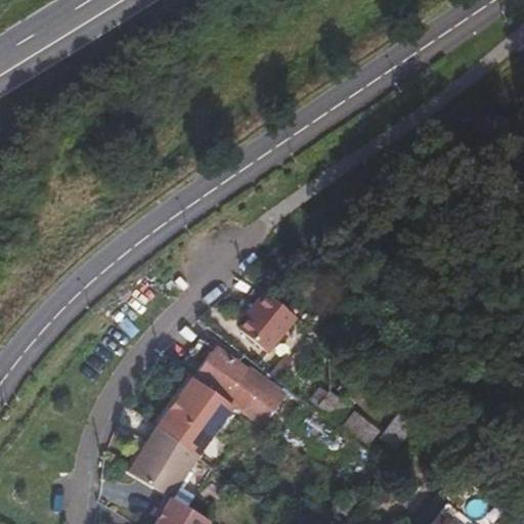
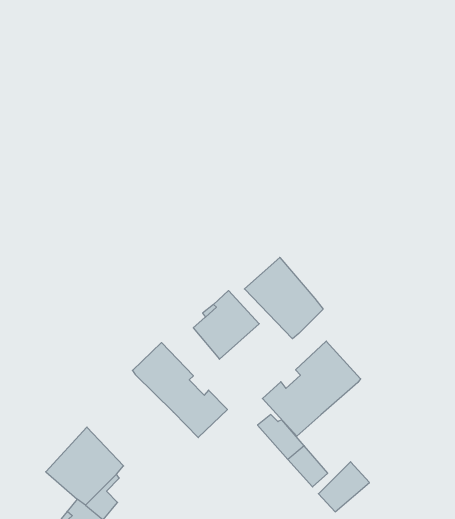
building: none -> [244,257,323,339]
building: none -> [262,341,361,436]
building: [161,375,234,456] -> none

